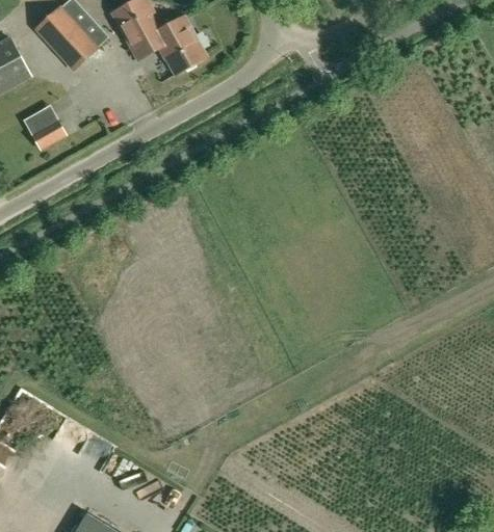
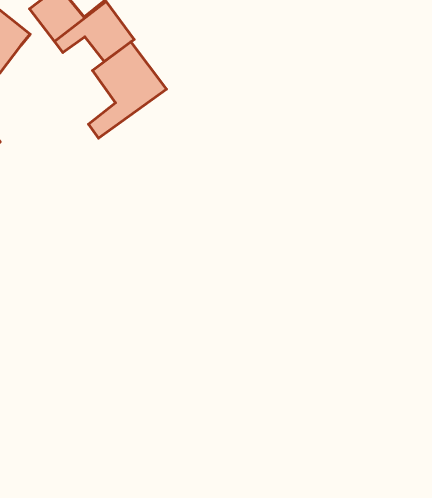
building: none -> [88,42,166,138]

